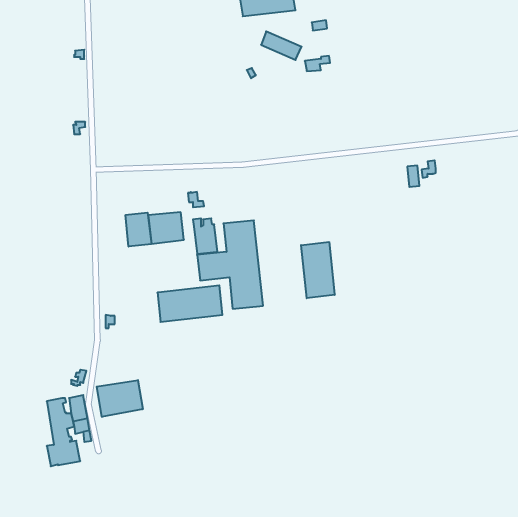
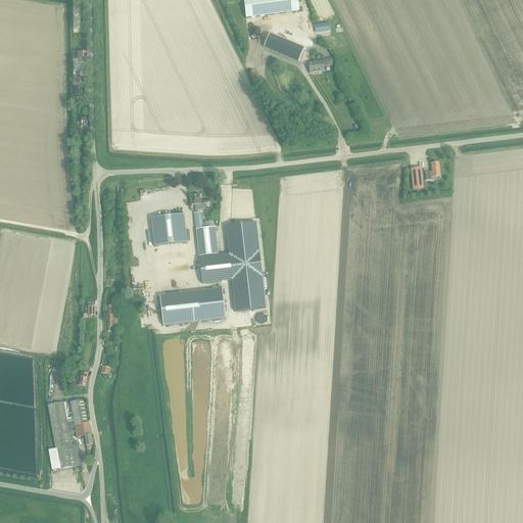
building: [126,213,151,247] -> none
building: [301,242,335,298] -> none
building: [97,380,143,417] -> none

